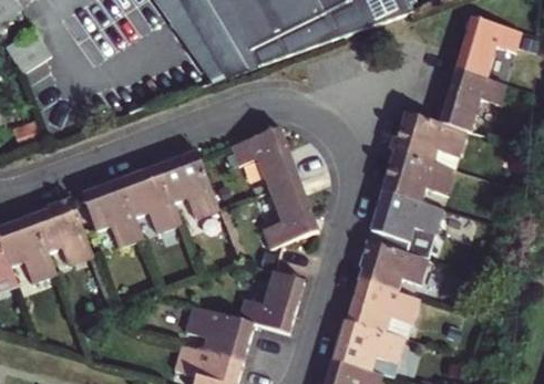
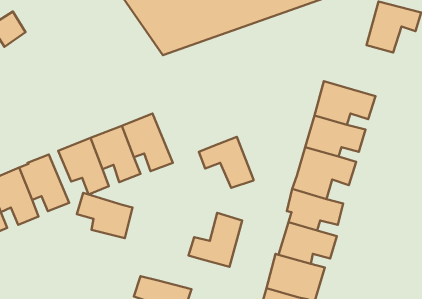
building: [437,69,503,132] -> none
building: [232,127,298,189] -> none
building: [186,305,253,360] -> [77,193,132,238]

